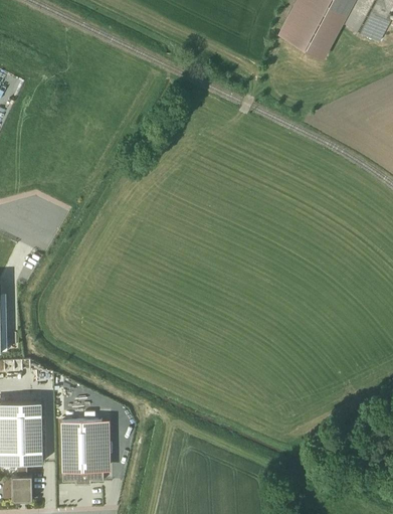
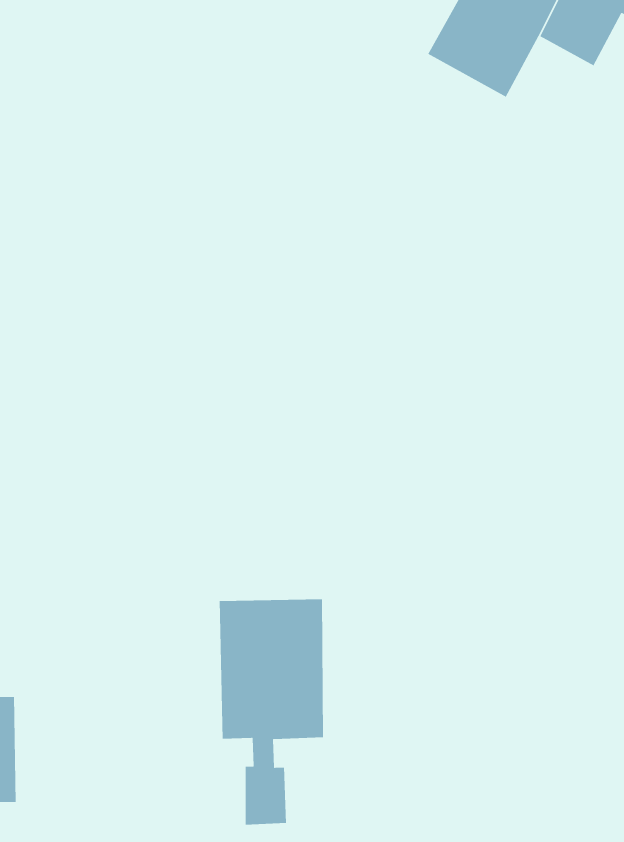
building: none -> [219,599,324,825]
building: [60,421,110,475] -> none

